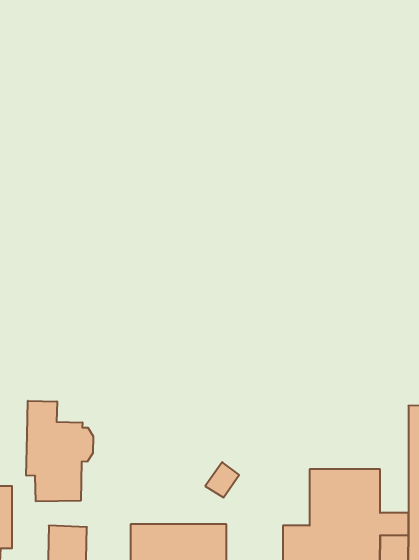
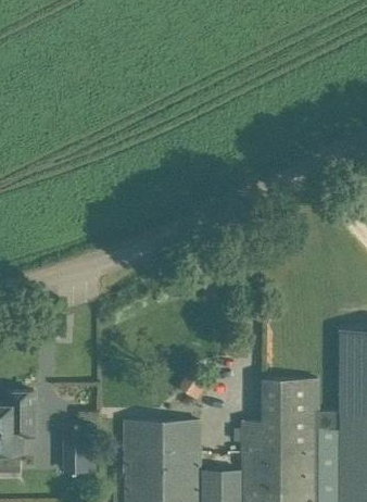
building: [26,401,93,501] -> none

